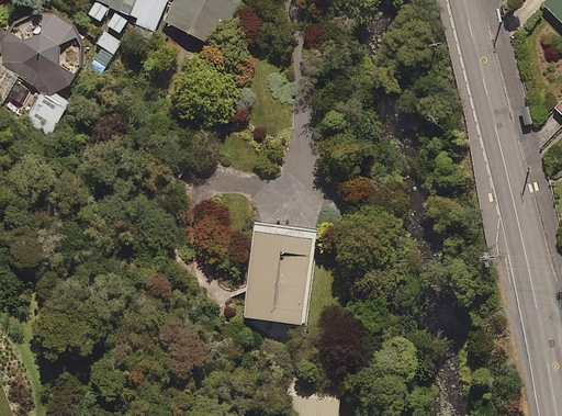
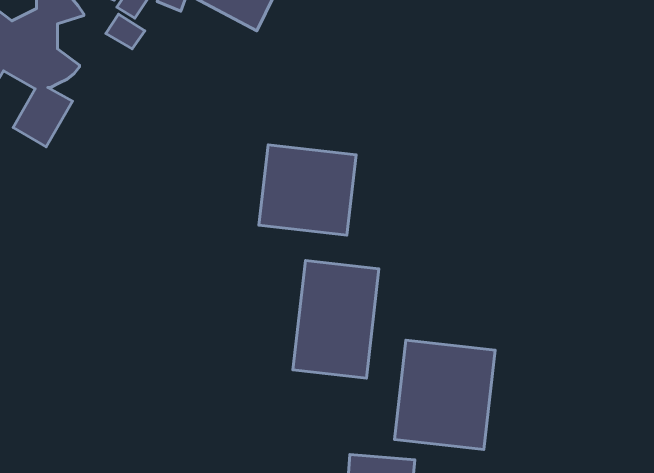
building: none -> [259,145,356,235]
building: none -> [394,340,495,450]

